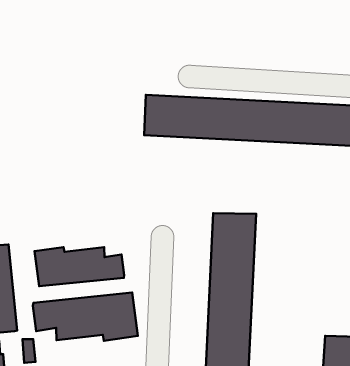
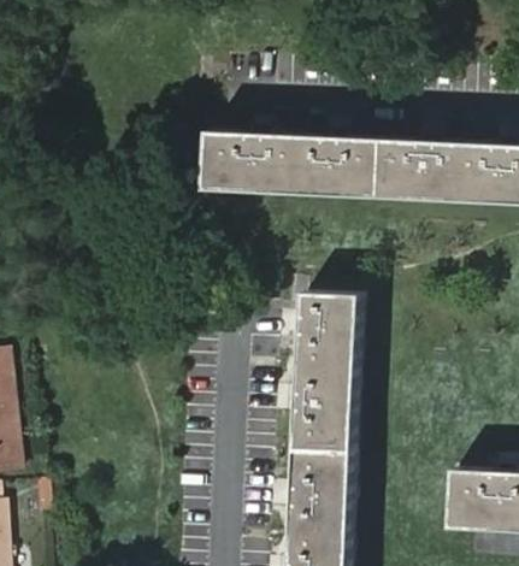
building: [34,247,124,286] -> none
building: [33,293,138,341] -> none

